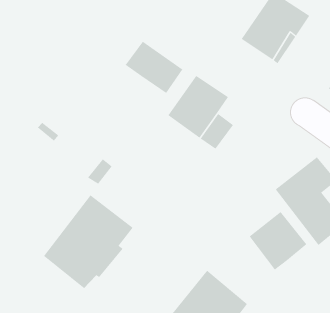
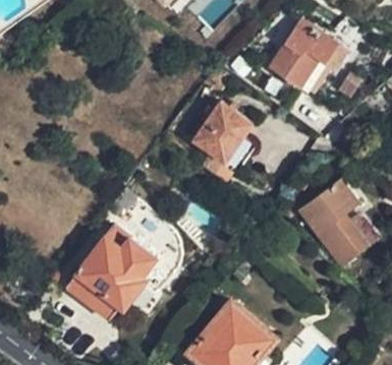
building: [125,41,183,94] -> none
building: [249,211,307,270] -> none

